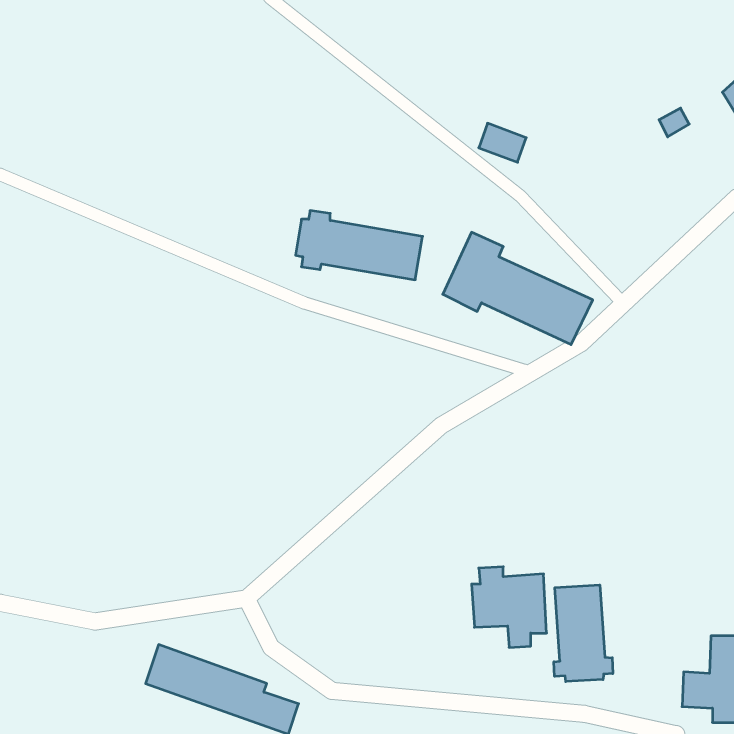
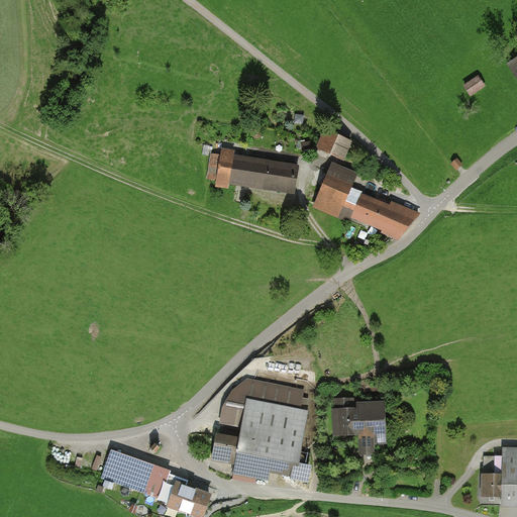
building: [479,123,526,162] -> [316,131,349,159]
building: none -> [210,378,307,480]
building: [554,585,613,682] -> none

